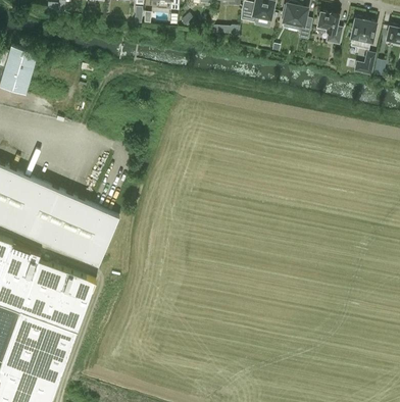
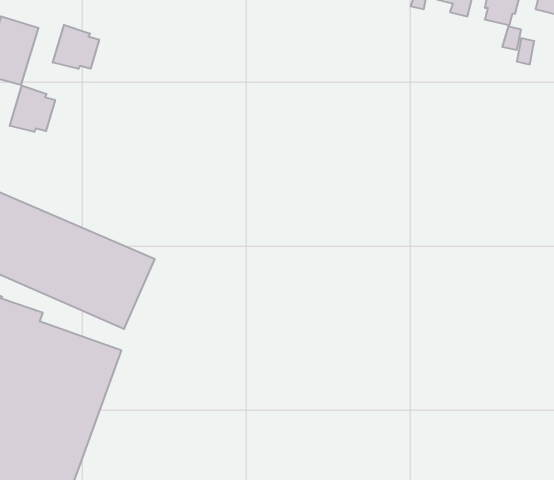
building: none -> [53,25,99,69]
building: none -> [10,85,55,132]

